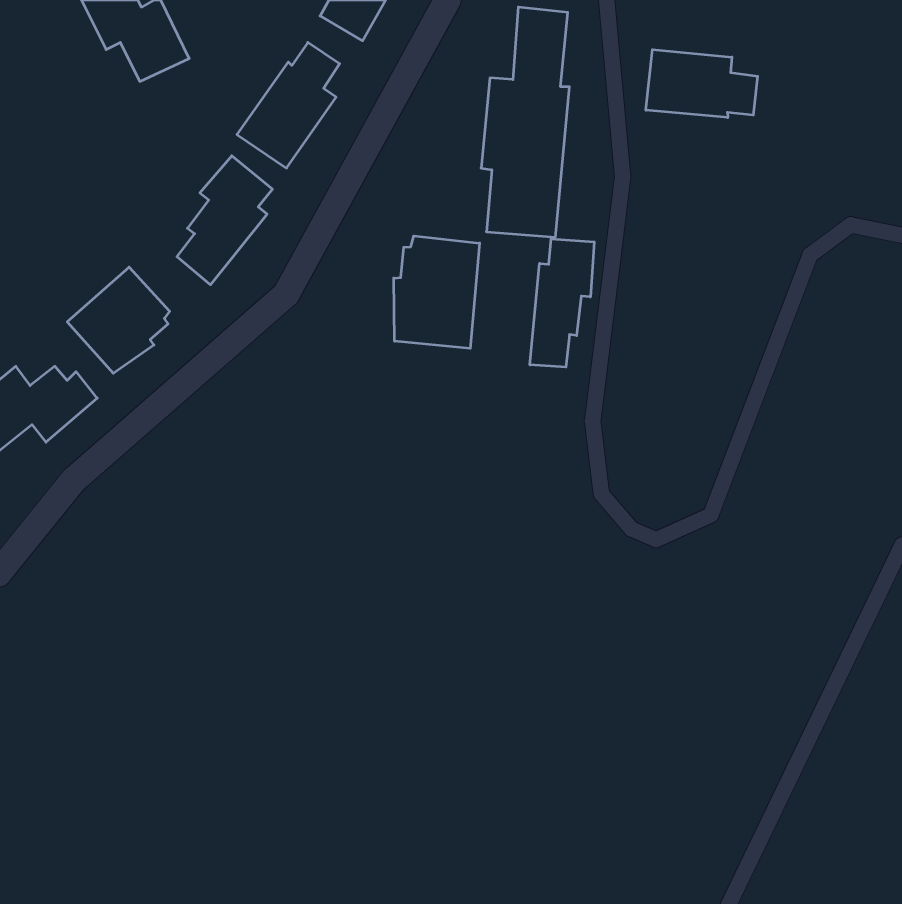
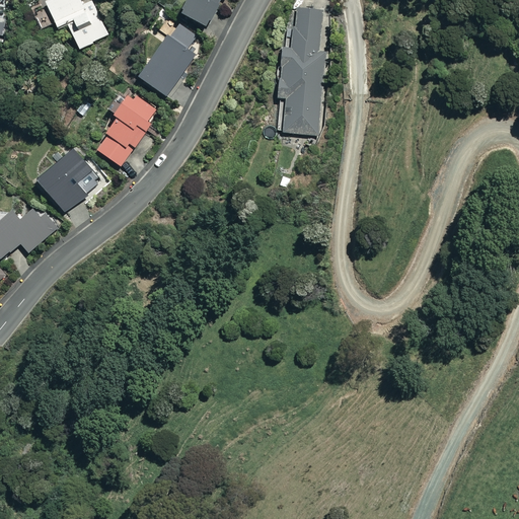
building: [646,50,758,118] -> none
building: [394,236,480,348] -> none
building: [530,239,594,367] -> none

